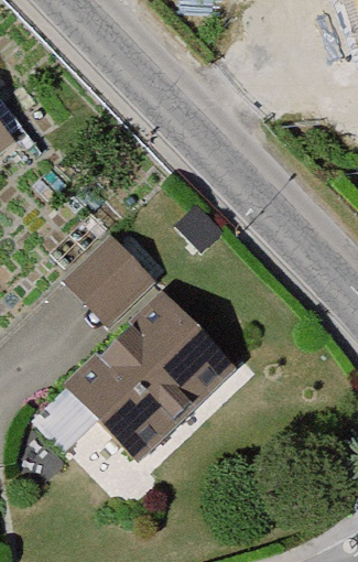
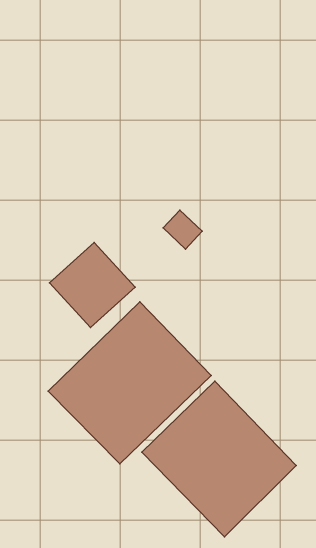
building: none -> [142,381,296,537]

